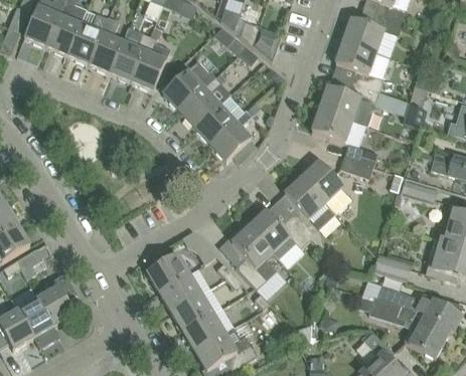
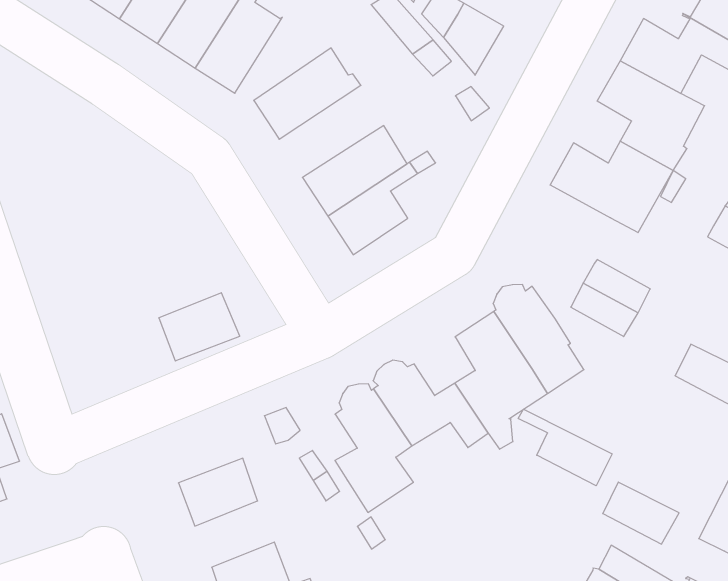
building: [179,75,220,127] -> none
building: [312,109,352,142] -> none
building: none -> [518,409,612,486]
building: [147,252,189,291] -> [159,293,240,361]
building: [171,293,212,330] -> none

